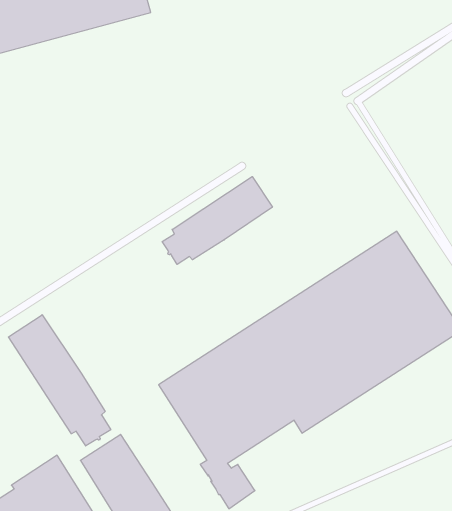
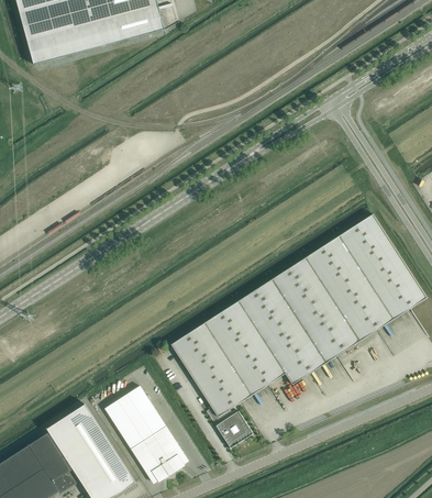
building: [162,177,272,264] -> none
building: [8,315,111,446] -> none

